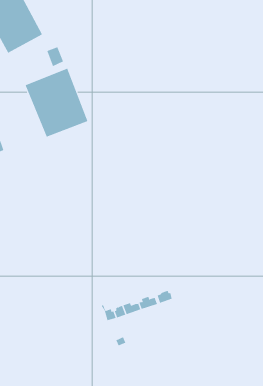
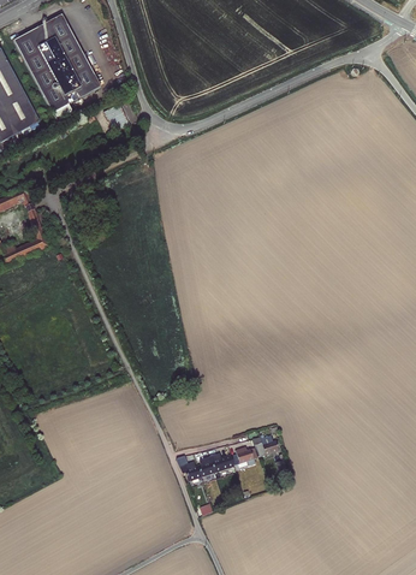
building: [25,68,88,138] -> none

